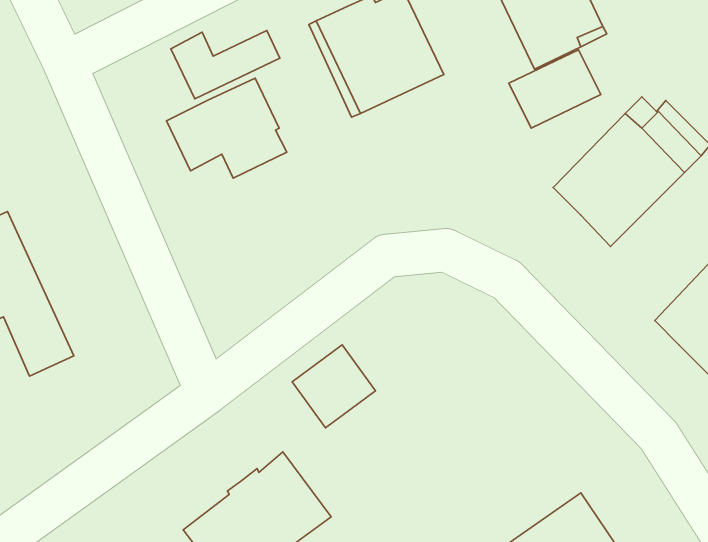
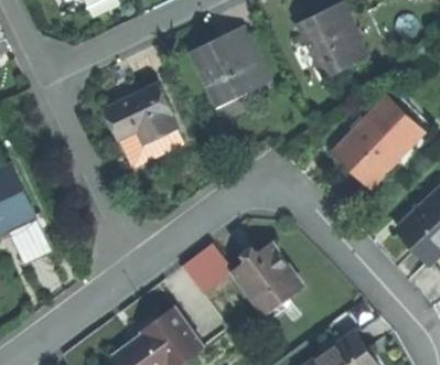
building: [171,30,280,99] -> [119,128,184,169]
building: [509,50,601,128] -> none
building: none -> [232,240,302,313]

